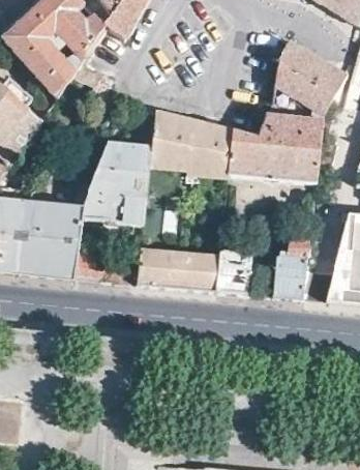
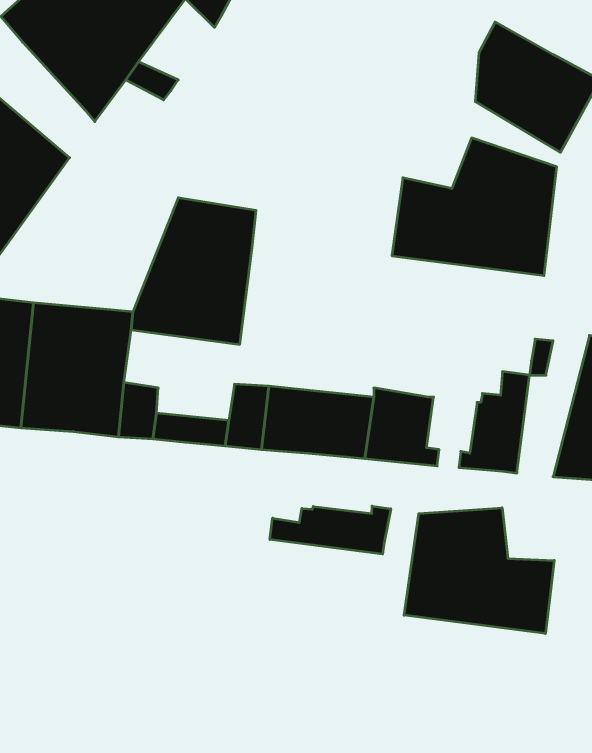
building: [150,111,236,178] -> none
building: none -> [270,506,391,554]
building: none -> [404,508,554,634]

